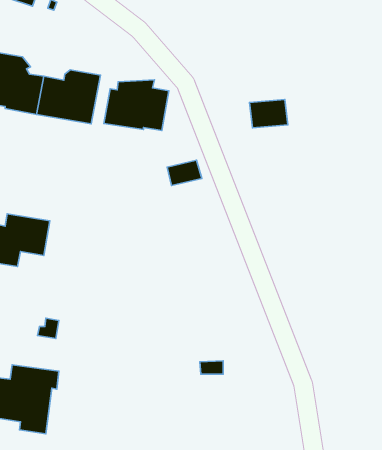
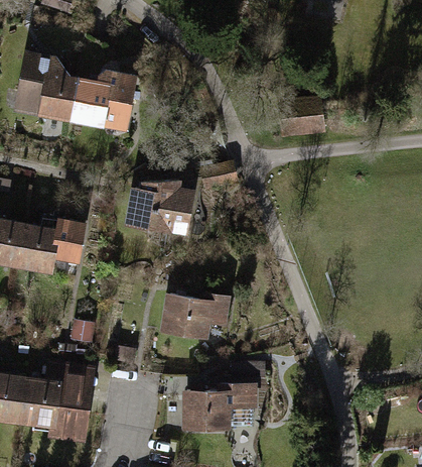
building: [104,80,169,130] -> [130,182,194,232]
building: none -> [165,295,228,337]
building: none -> [187,386,255,428]

